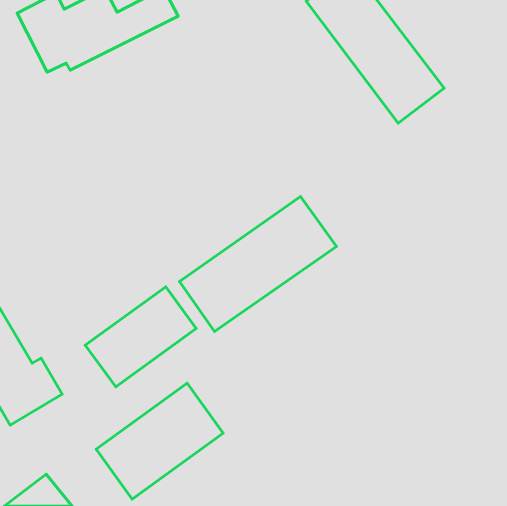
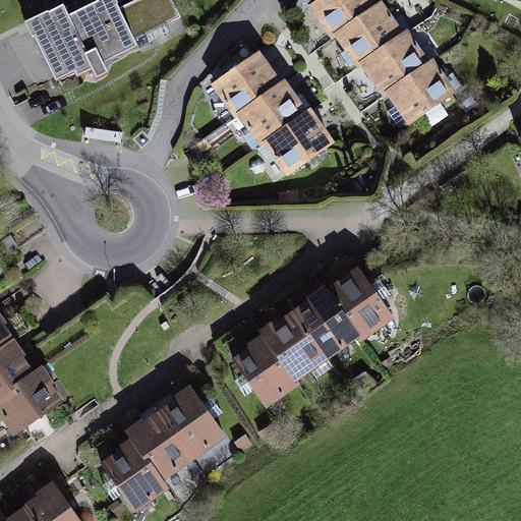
building: none -> [213,49,329,175]
building: [179,197,336,332] -> [232,267,392,404]
building: [85,287,196,387] -> none

